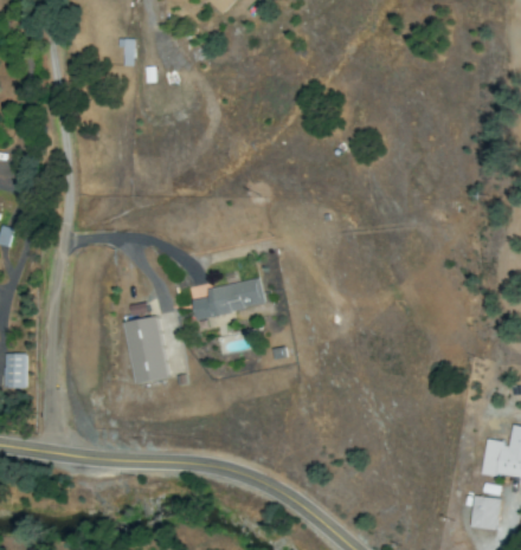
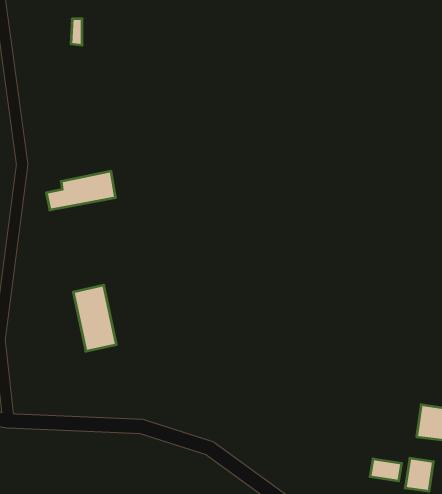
building: [193,278,265,318] -> [46,171,116,210]
building: none -> [370,459,402,481]

